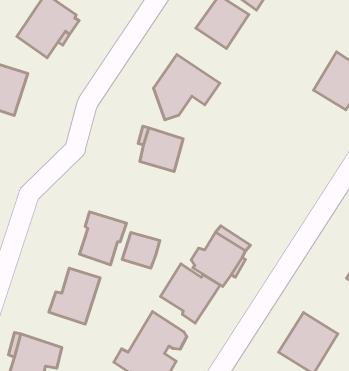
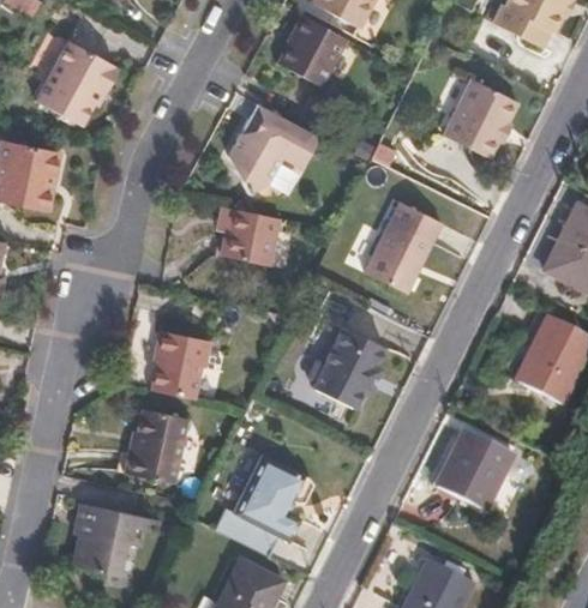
building: none -> [361,203,440,294]
building: [122,232,160,268] -> none
building: [161,264,220,323] -> none

